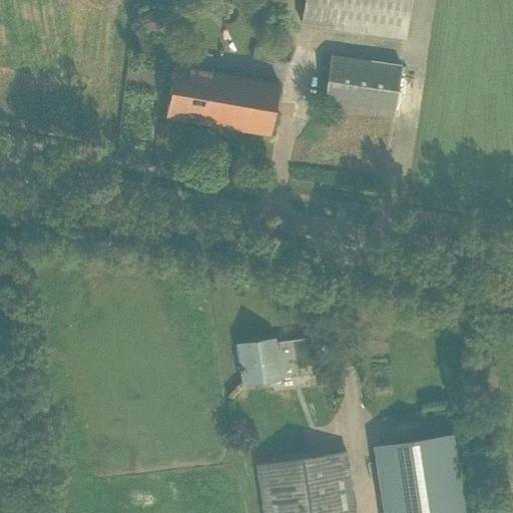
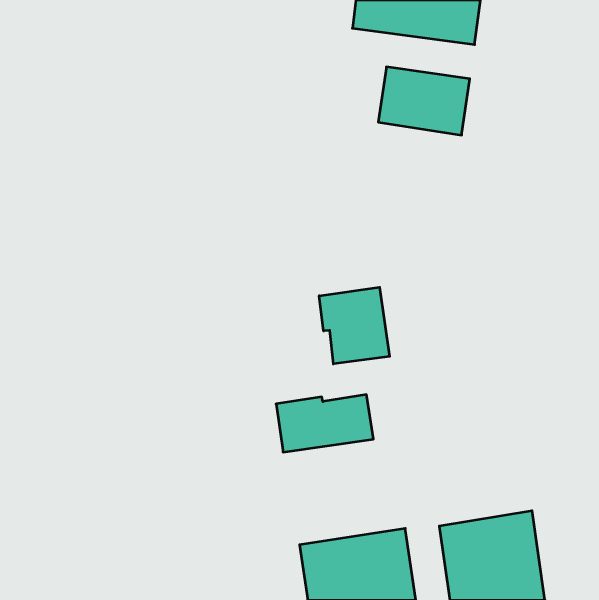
building: [165,66,280,135] -> none
building: none -> [319,287,390,364]

